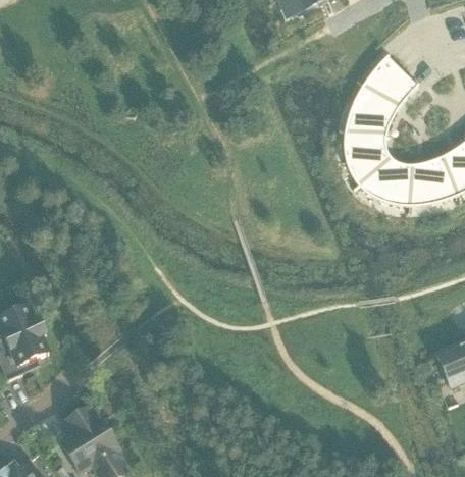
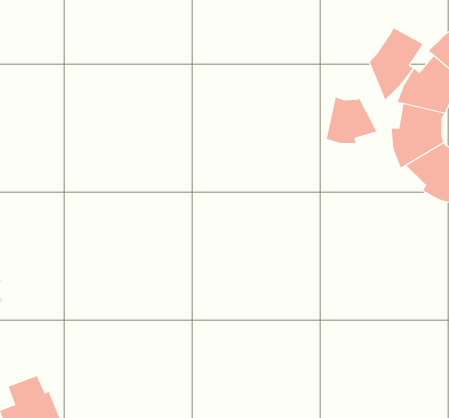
building: none -> [369,27,423,101]
building: none -> [326,97,377,144]

